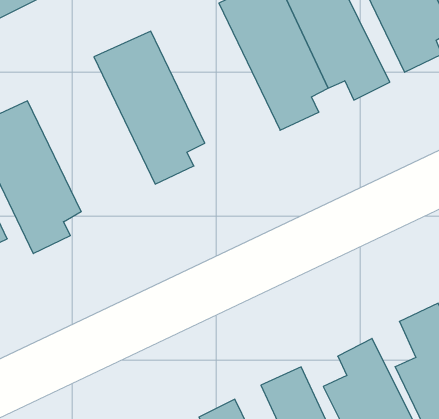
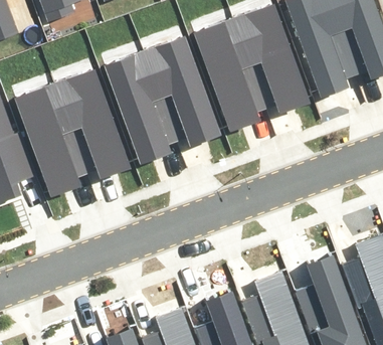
building: none -> [148,33,220,138]
building: none -> [57,73,131,178]

